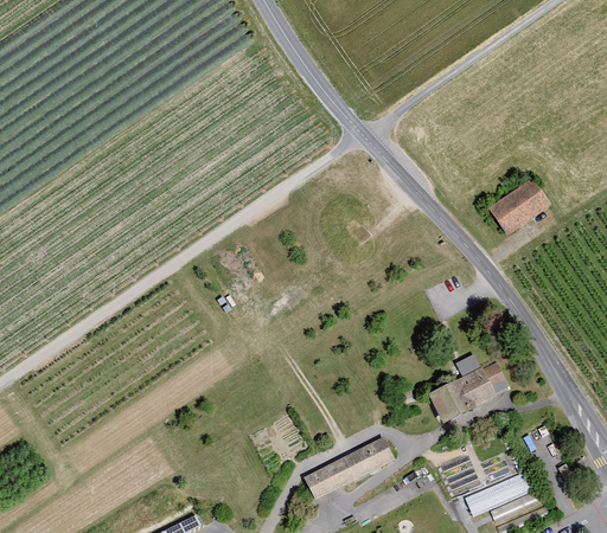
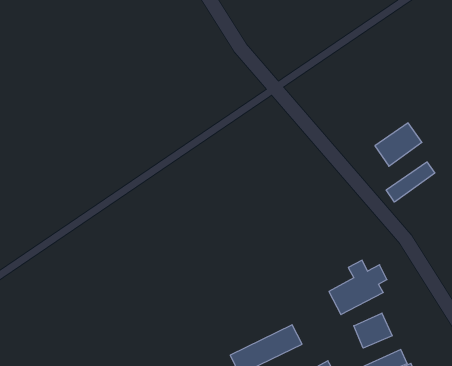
building: none -> [386,162,435,202]
building: none -> [354,313,392,348]

